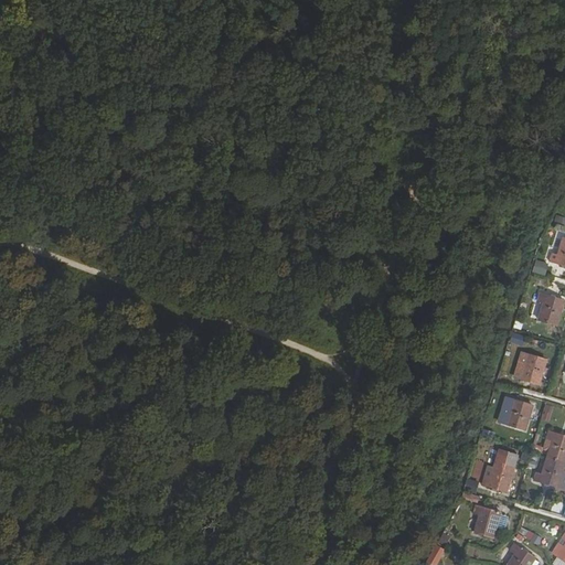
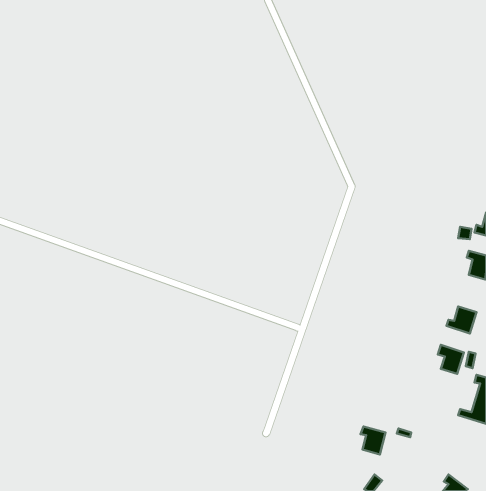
building: [480,461,514,492] -> none
building: [471,507,500,539] -> [361,427,386,454]

